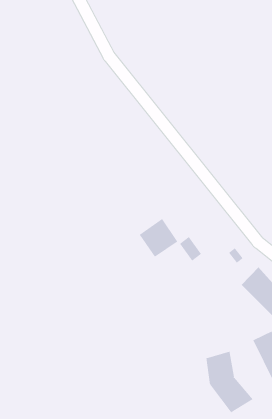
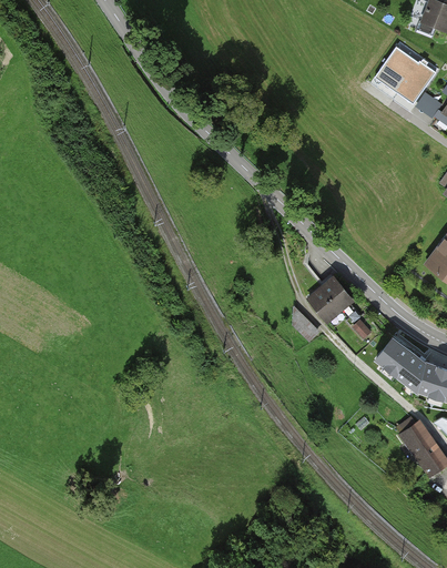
building: [139,218,178,257] -> [307,274,357,324]
building: [206,351,254,413] -> none

